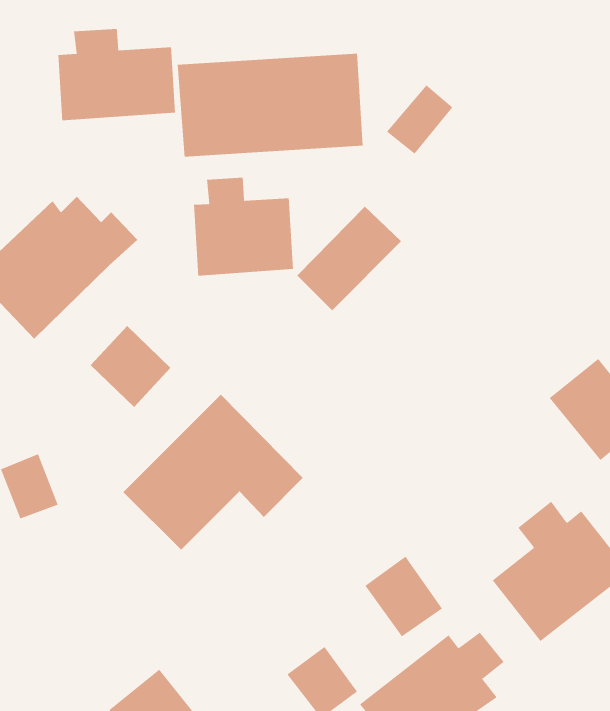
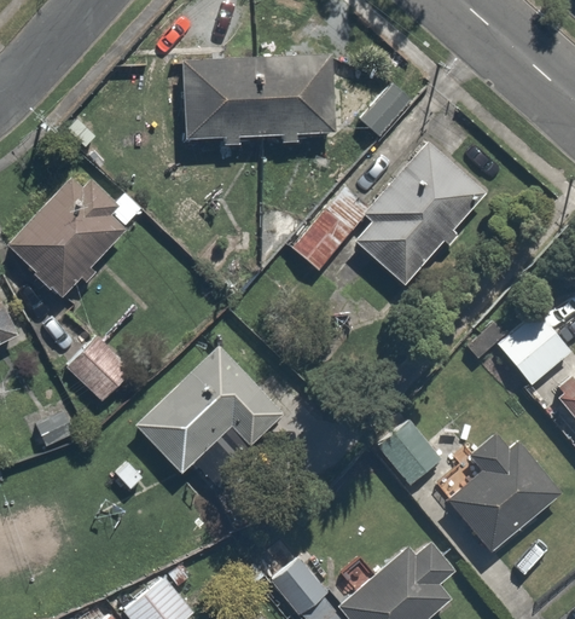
building: [58,28,176,121] -> none
building: none -> [354,143,482,283]
building: [193,177,294,276] -> none
building: [90,325,171,408] -> [64,332,133,403]
building: [364,556,443,637] -> [374,418,441,487]

